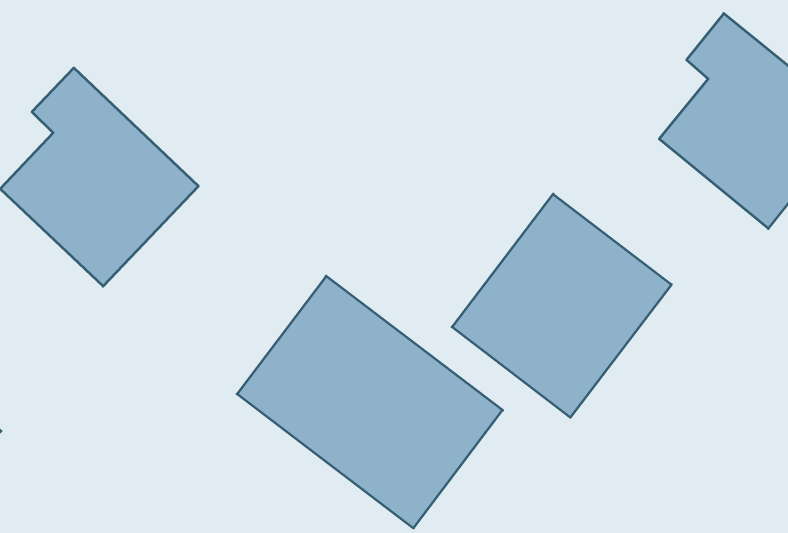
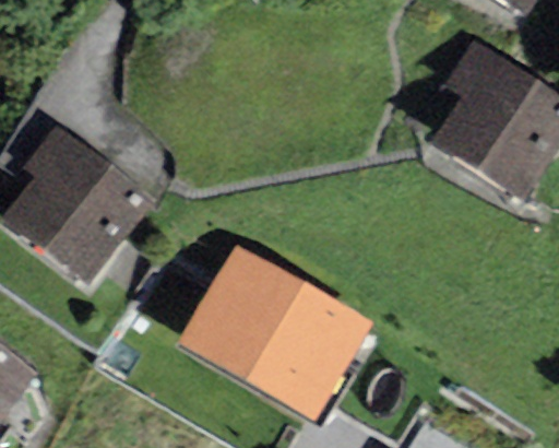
building: [452,194,671,417] -> none

